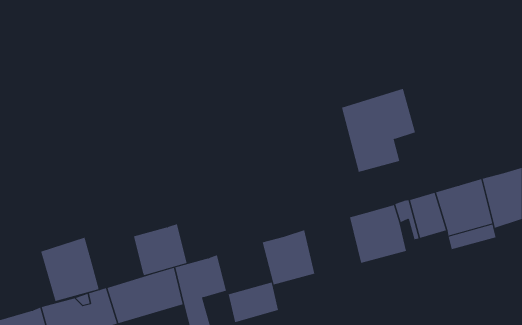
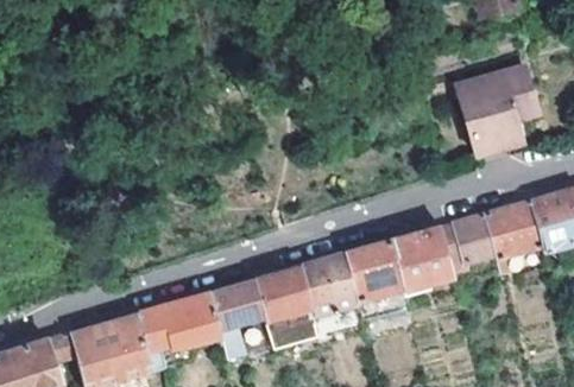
building: [341,88,416,172] -> [459,68,537,156]
building: none -> [345,240,408,318]
building: [133,224,188,276] -> [253,266,310,321]
building: [40,237,100,302] -> none

